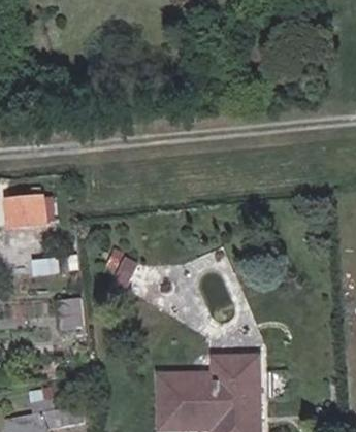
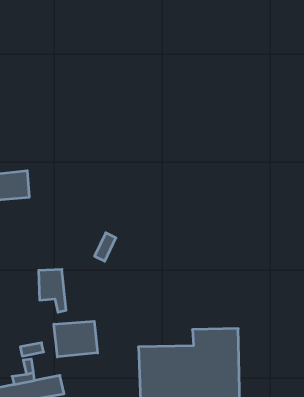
building: none -> [54,321,98,357]

